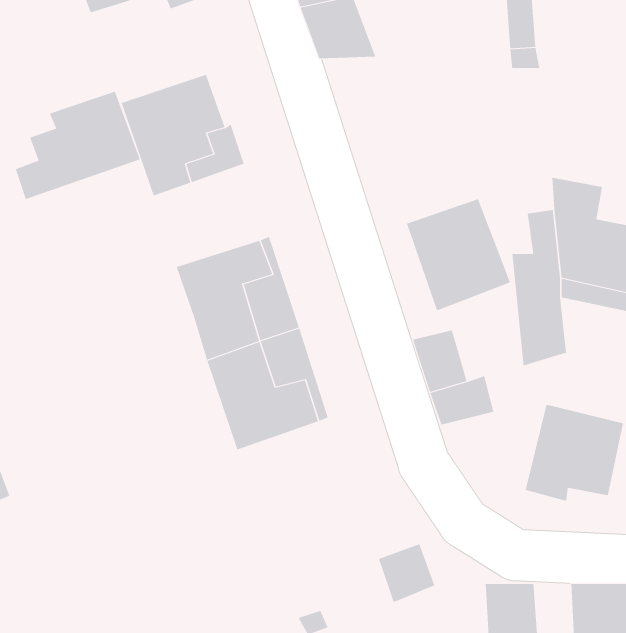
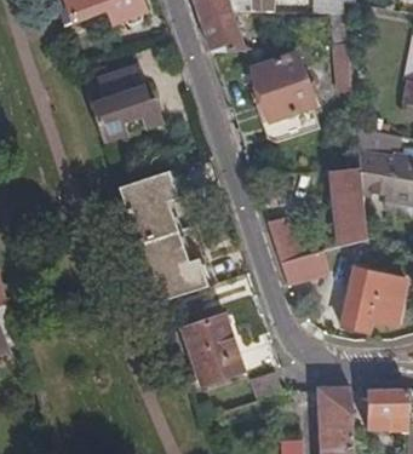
building: [15,91,141,200] -> none
building: [406,199,511,311] -> [251,52,317,123]
building: none -> [184,312,242,380]

